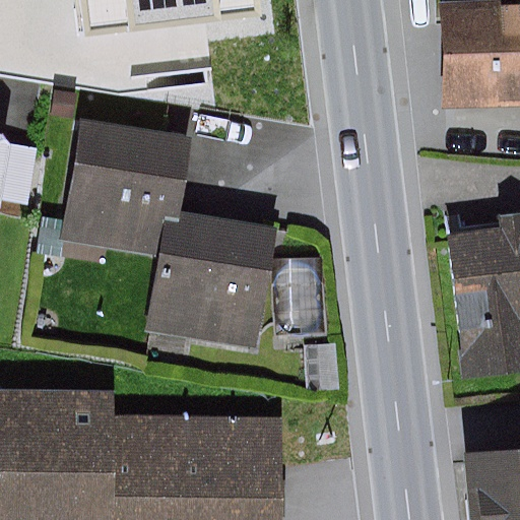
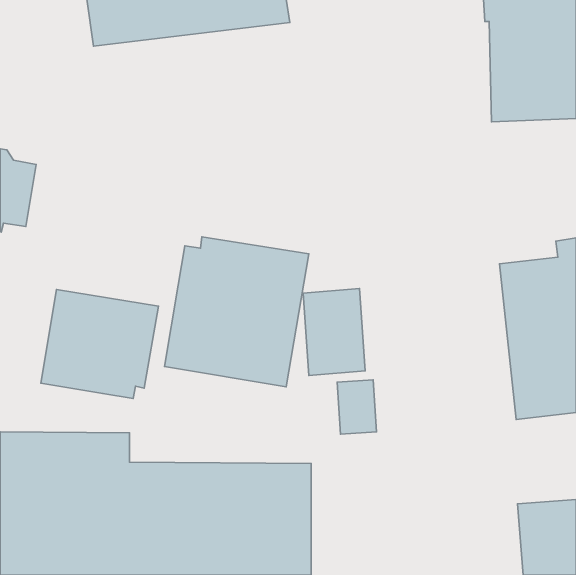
building: [40,119,195,262] -> none
building: none -> [41,289,158,398]

